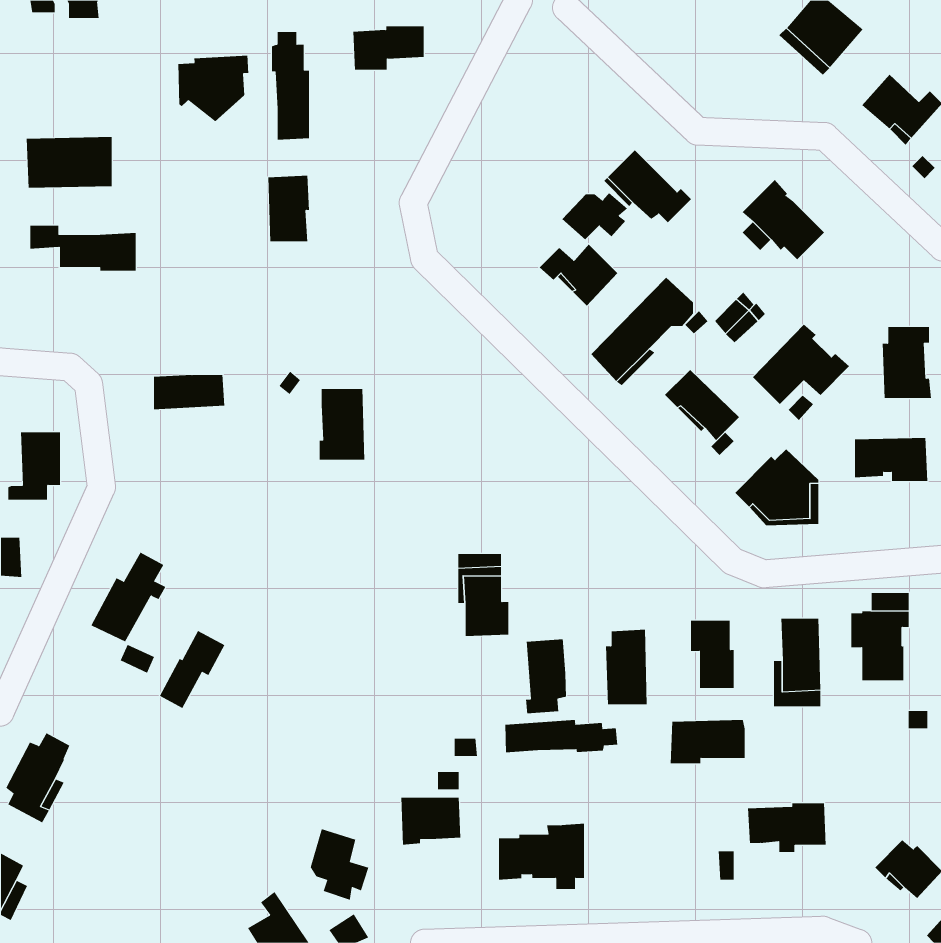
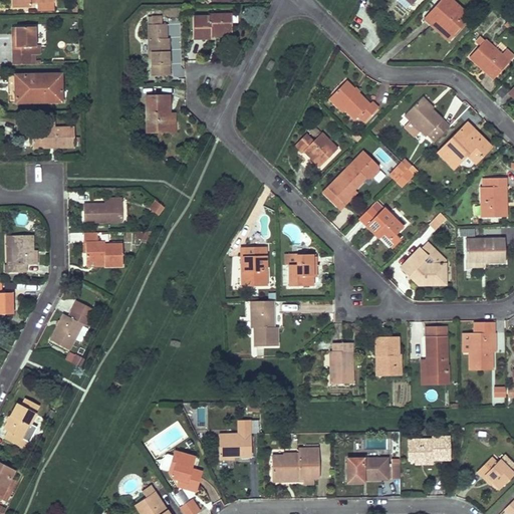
building: none -> [12,26,40,64]
building: [178,55,249,122] -> none
building: [562,192,628,240] -> none
building: [752,324,850,405] -> [439,123,492,168]
building: [319,388,365,460] -> [242,247,267,286]
building: none -> [84,232,122,266]
building: none -> [286,254,317,286]
building: [159,630,225,709] -> none
building: [526,638,567,714] -> none
building: [505,719,618,753] -> none
building: [670,720,745,764] -> [347,458,389,482]

